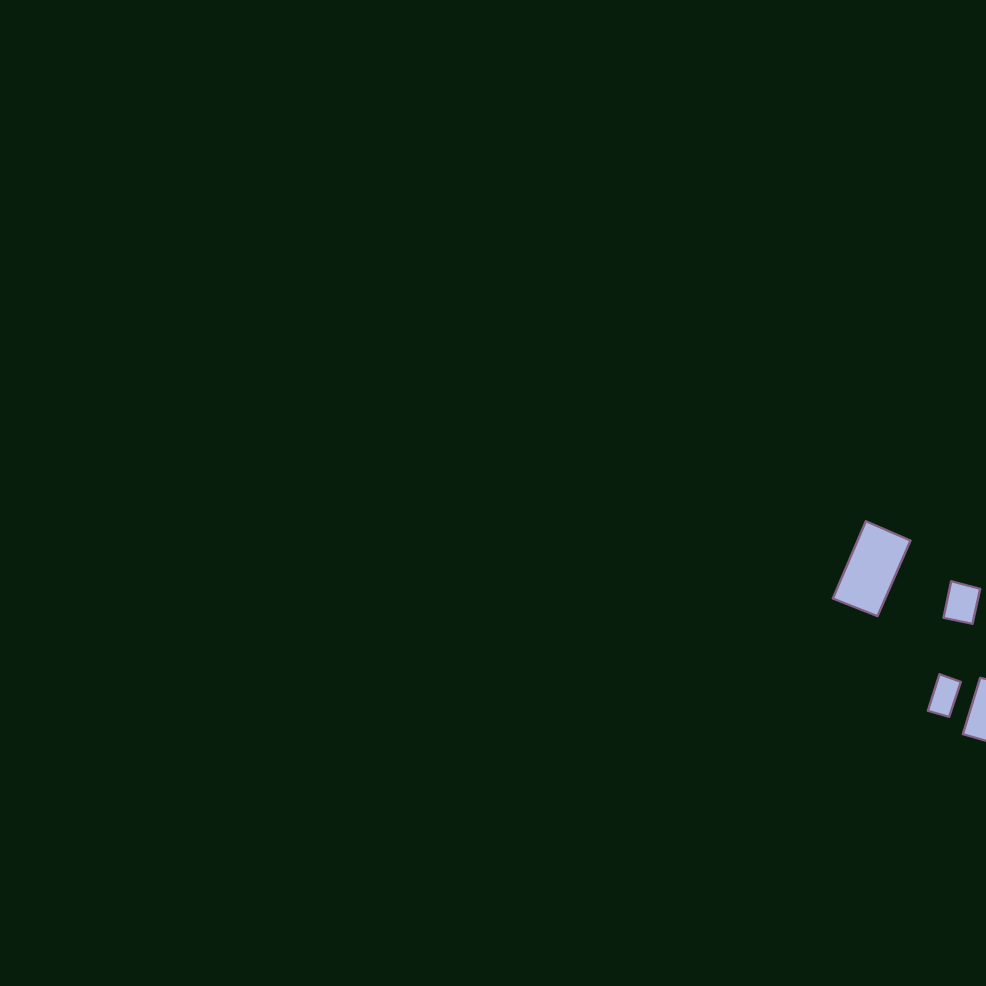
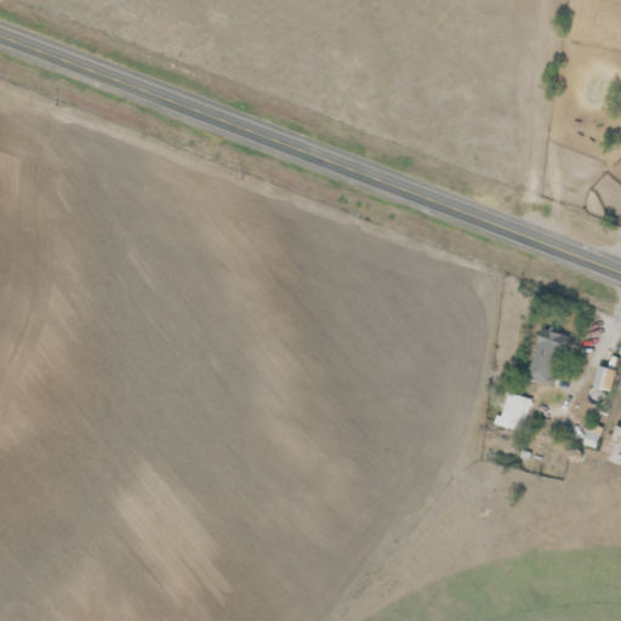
building: none -> [498,392,534,433]

